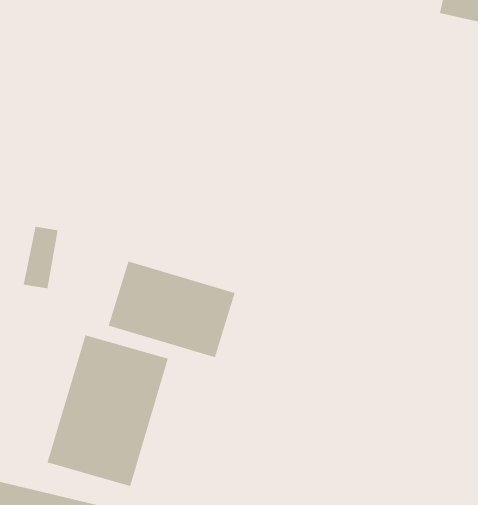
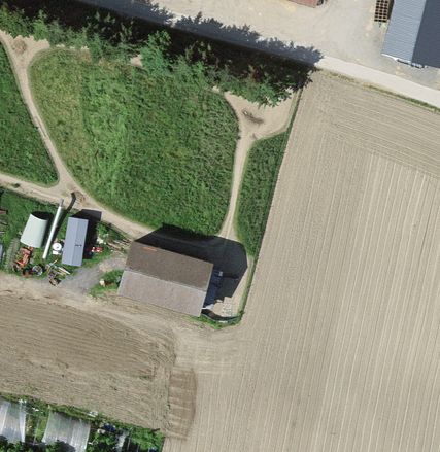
building: [47,334,168,487] -> none

